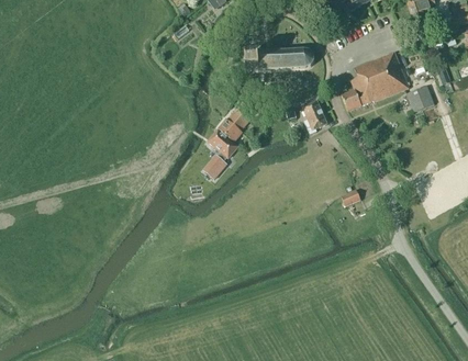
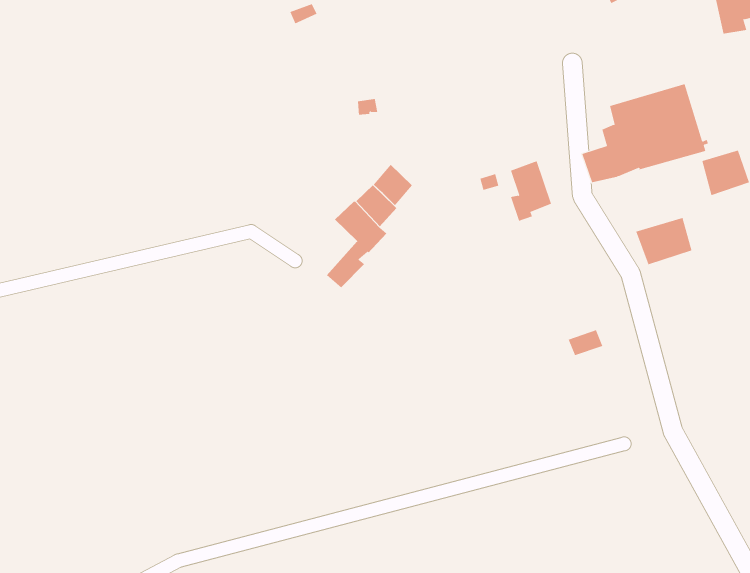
building: [245,48,313,70] -> none
building: none -> [635,217,692,265]

